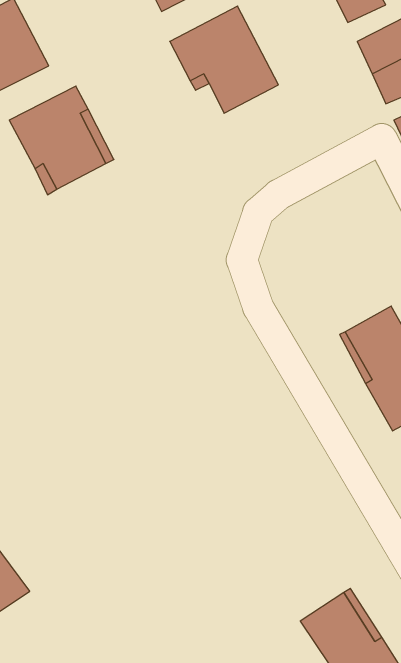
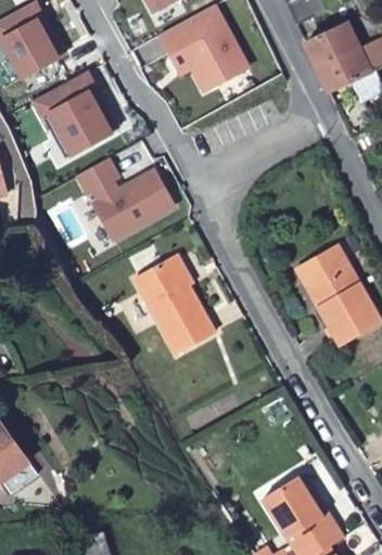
building: none -> [74,158,169,240]
building: none -> [128,259,209,356]

